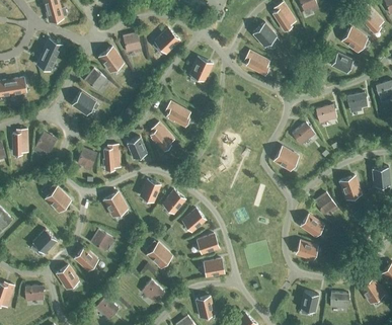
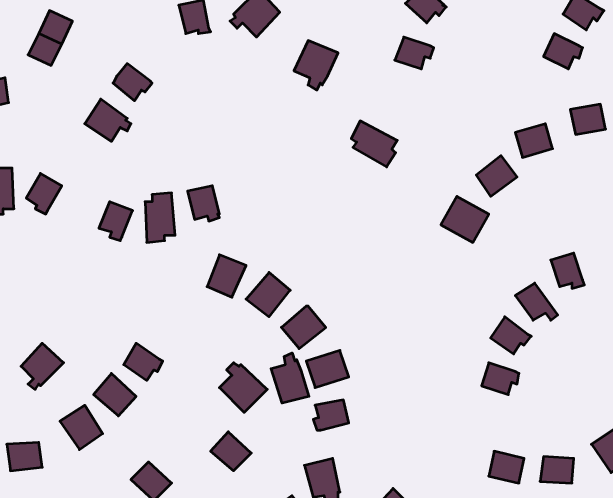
building: [98,46,125,73] -> none
building: [165,100,191,127] -> [351,121,397,167]
building: [150,121,174,151] -> none
building: [45,184,71,213] -> none
building: [102,190,128,217] -> none
building: none -> [271,353,309,403]

